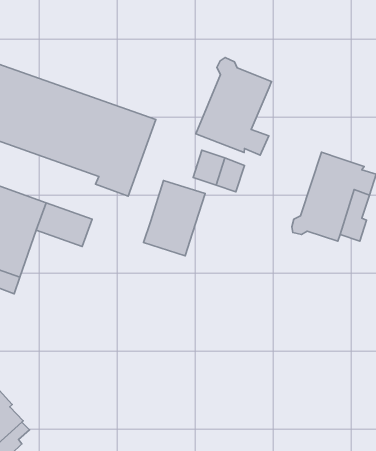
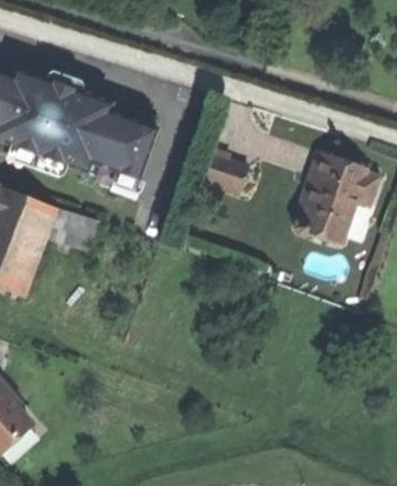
building: [196,58,272,155] -> none
building: [144,180,205,256] -> none

